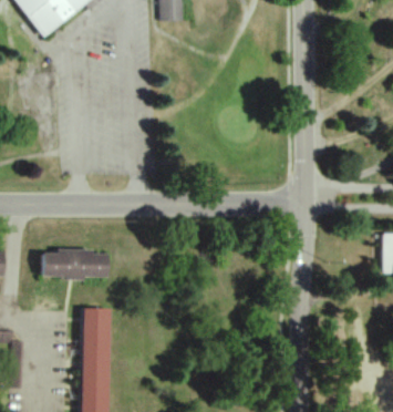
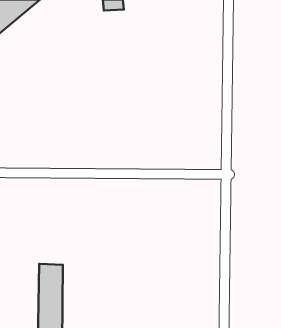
building: [43,249,108,279] -> none

